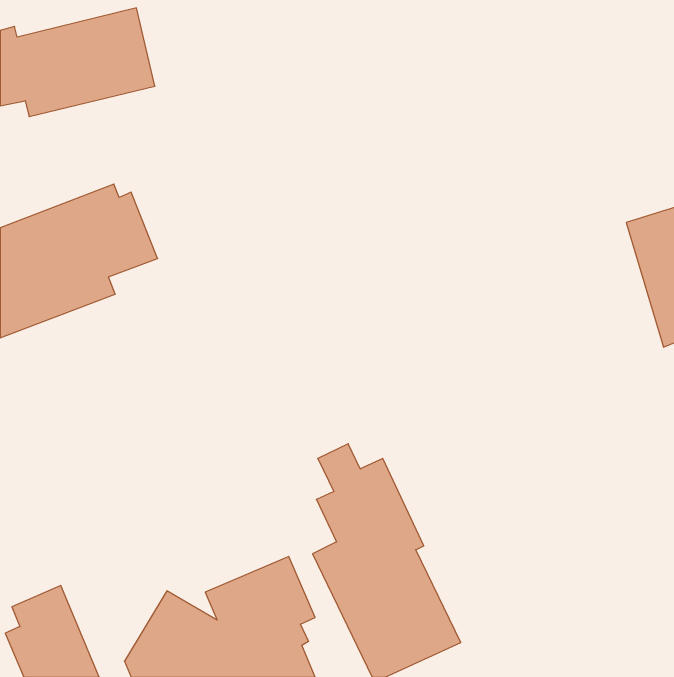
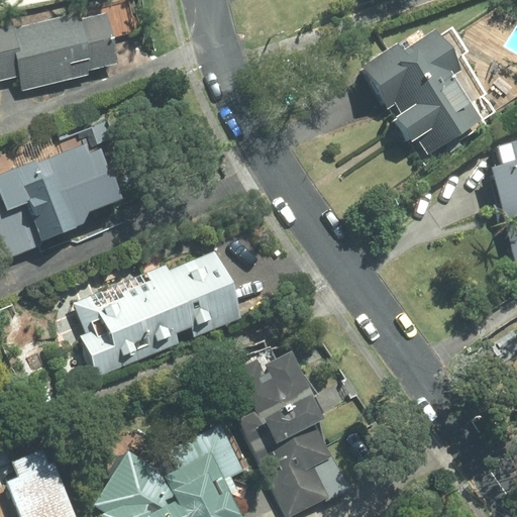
building: none -> [350,32,473,154]
building: none -> [74,250,243,378]

